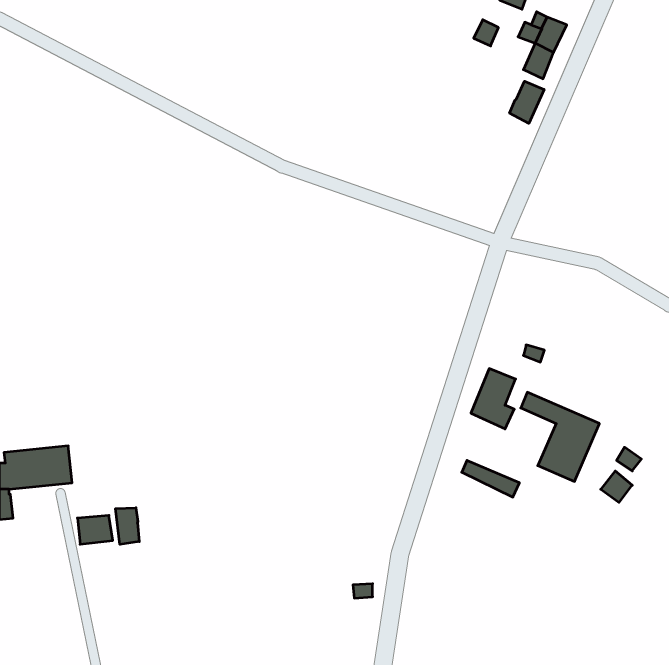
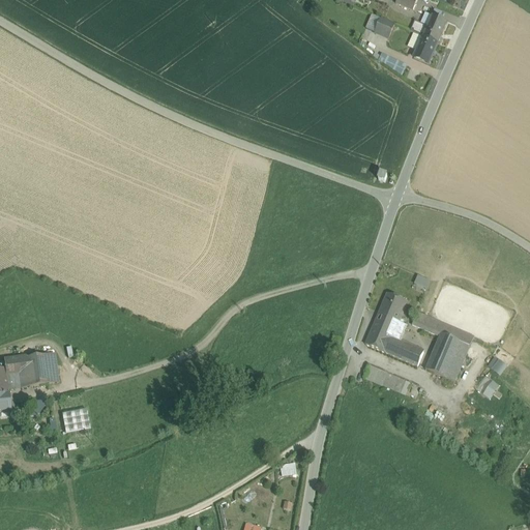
building: [510,81,544,123] -> none
building: none -> [364,326,423,364]
building: [116,508,139,544] -> none

